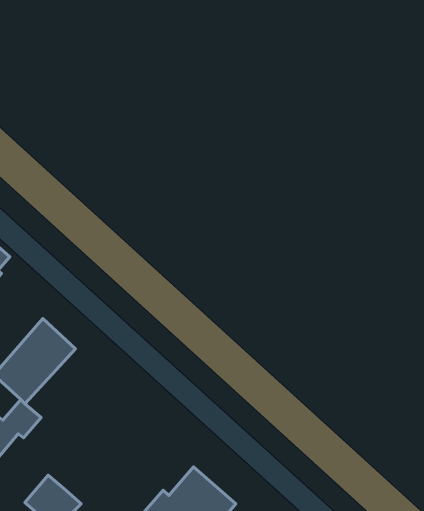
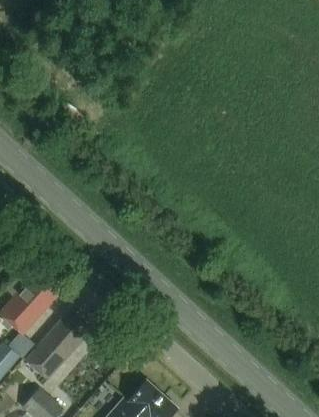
building: none -> [24,315,88,382]

